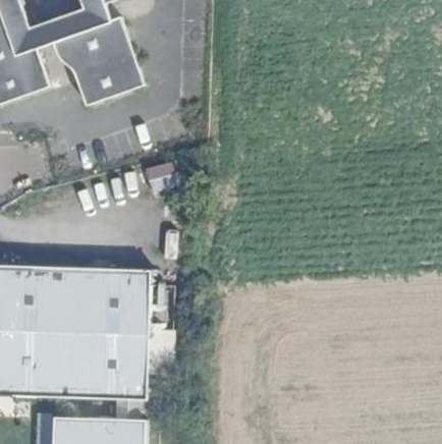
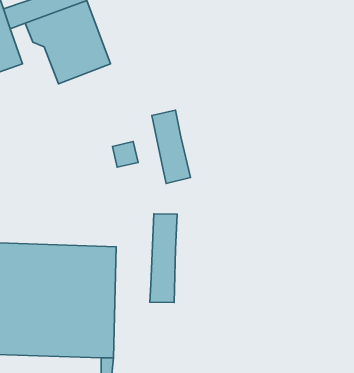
building: none -> [152,110,191,183]
building: none -> [150,214,177,302]

